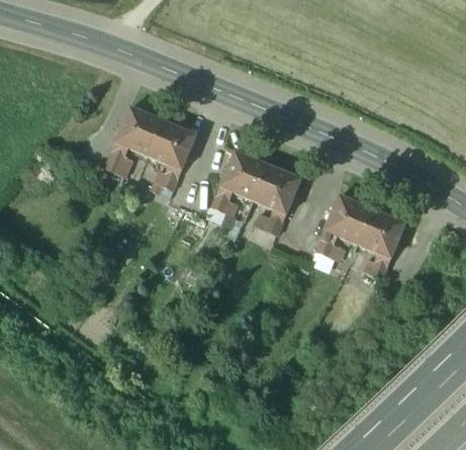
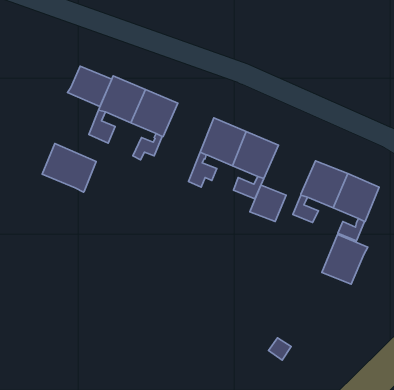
building: none -> [68,66,112,106]
building: none -> [42,143,96,192]
building: none -> [250,185,286,222]
building: none -> [322,235,368,284]

